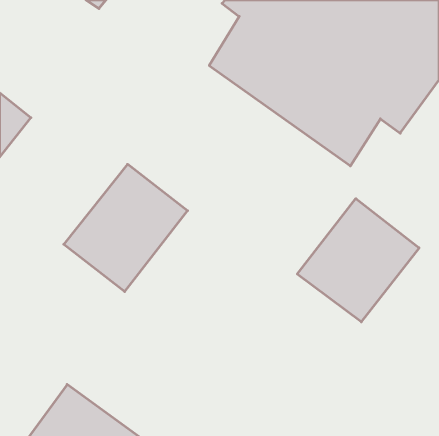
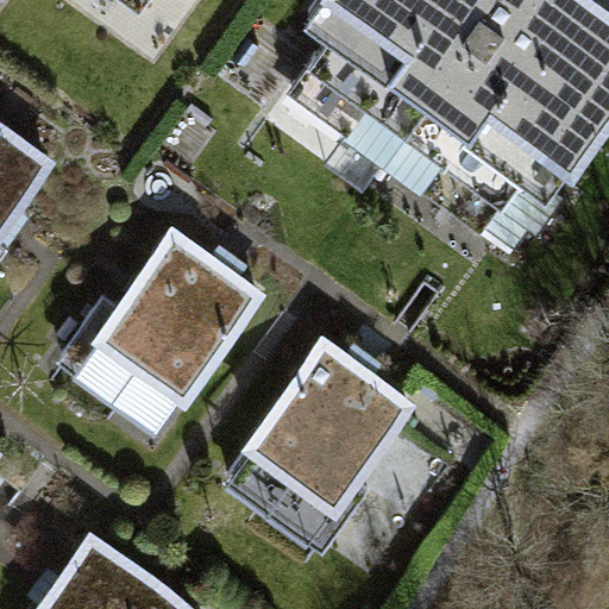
building: [297,199,419,322] -> none
building: none -> [240,341,410,517]

